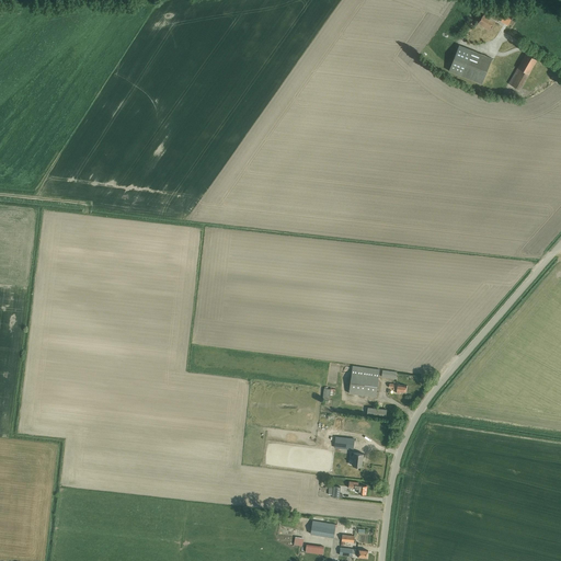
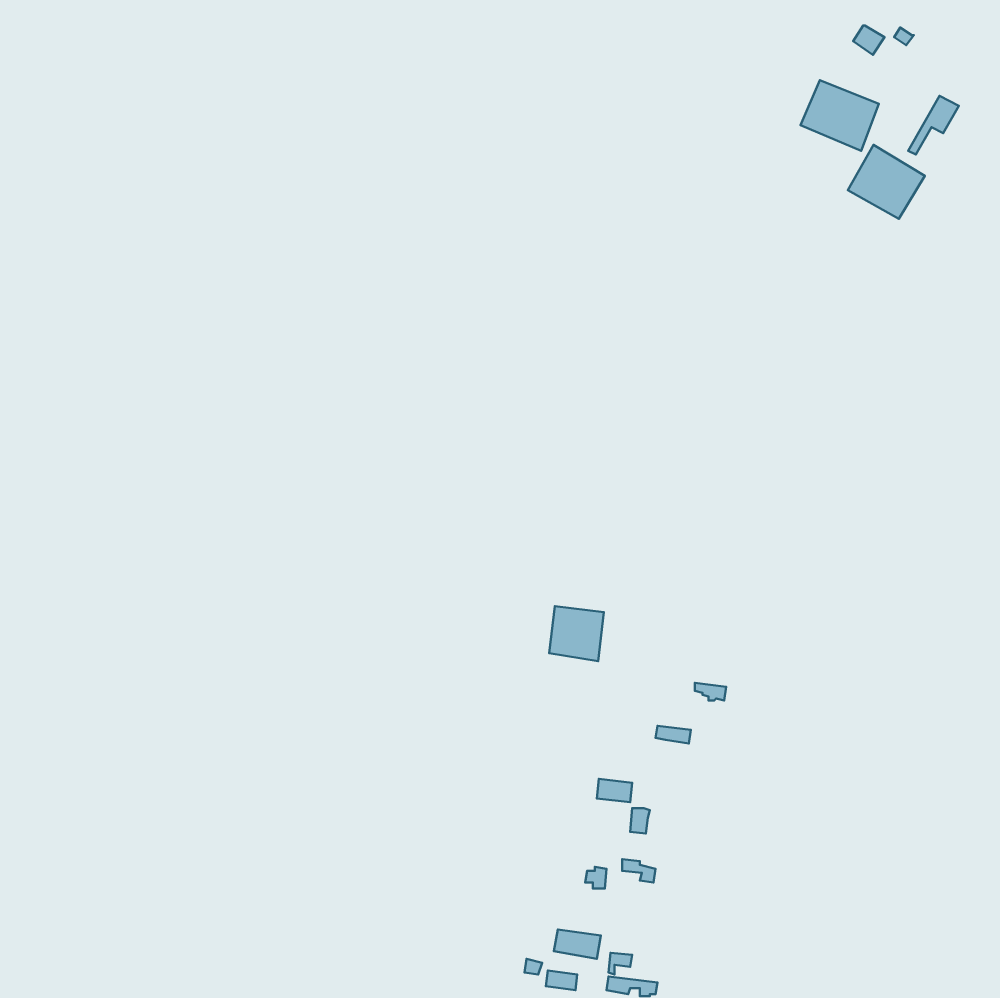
building: none -> [848,145,925,219]
building: [348,367,379,398] -> [549,606,604,661]

